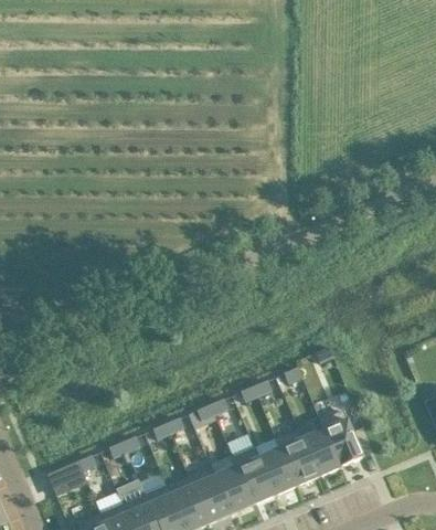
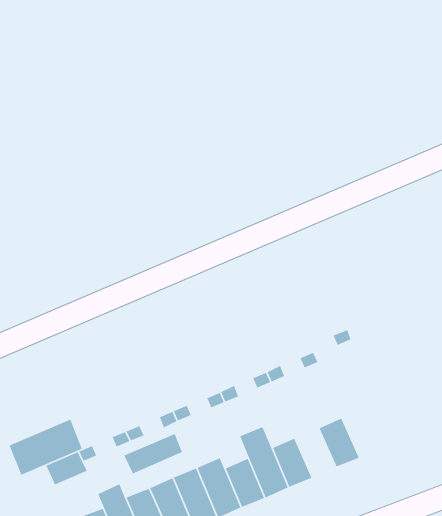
building: [320,410,364,467] -> none
building: [276,428,319,486] -> none
building: none -> [9,418,83,476]
building: none -> [123,428,196,475]

